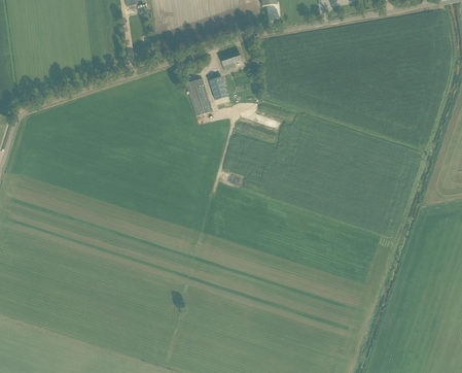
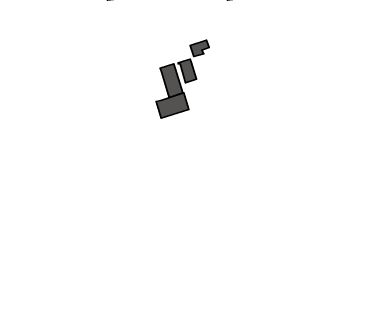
building: none -> [156,93,189,118]

